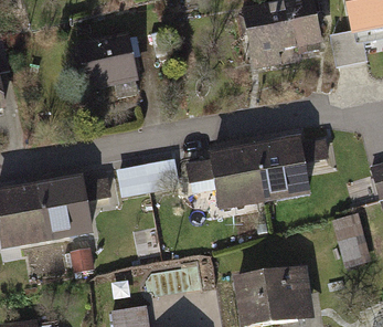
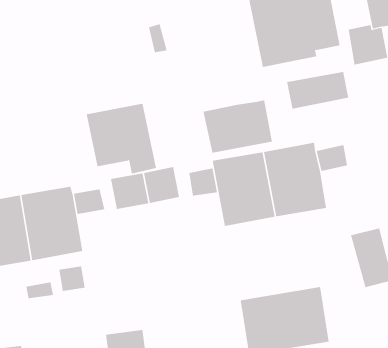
building: [74,33,138,97] -> [86,103,157,174]
building: none -> [286,71,349,110]
building: none -> [203,99,272,154]

